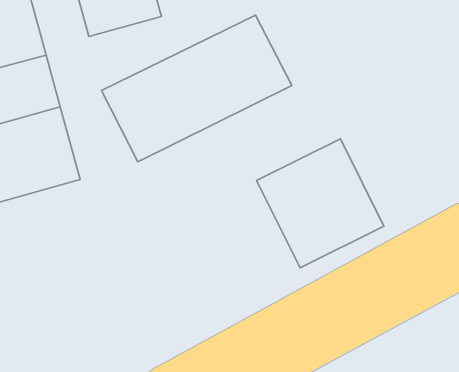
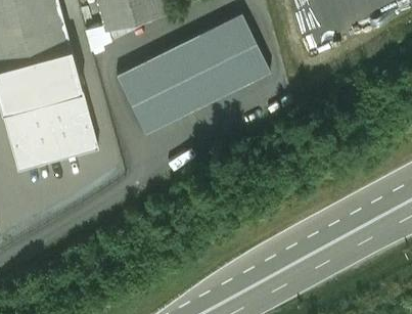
building: [257,139,384,268] -> none

